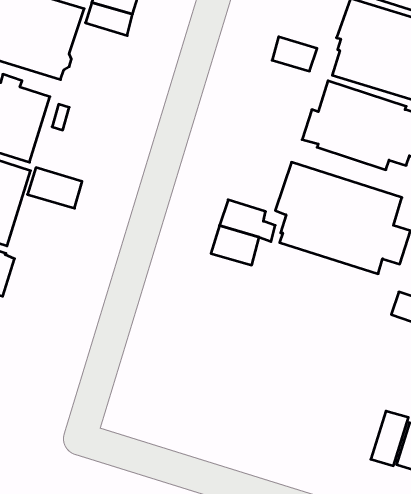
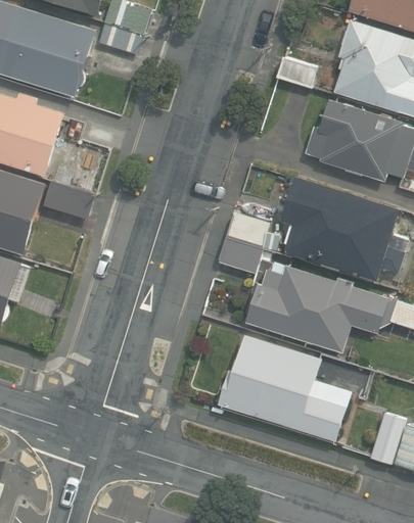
building: none -> [244,262,390,353]
building: none -> [218,330,349,441]

